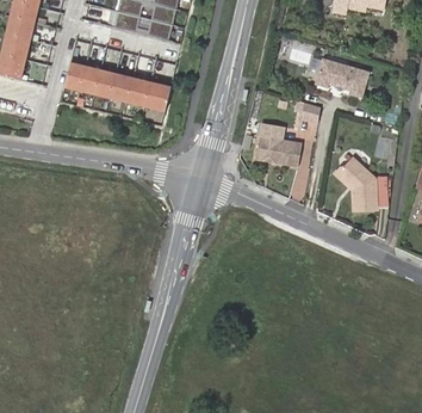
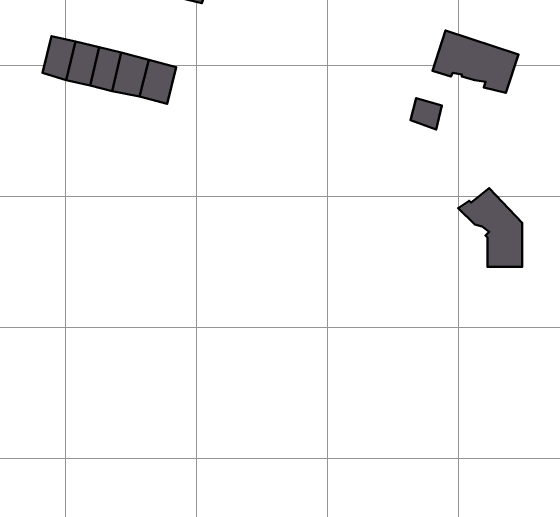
building: [144,81,170,110] -> none
building: [257,123,302,164] -> none

